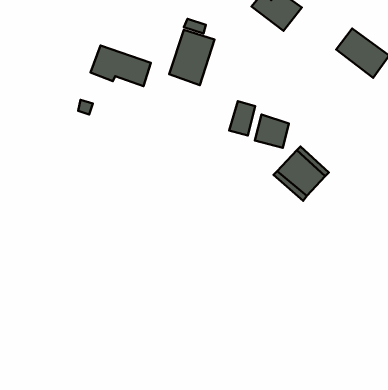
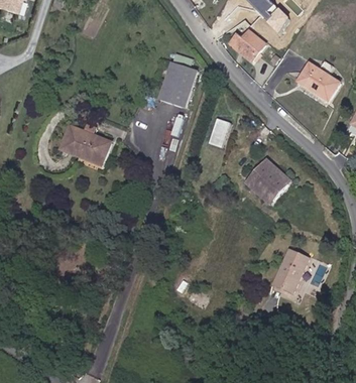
building: [91,46,151,86] -> [60,126,109,159]
building: [255,115,289,148] -> none
building: none -> [271,247,307,290]

